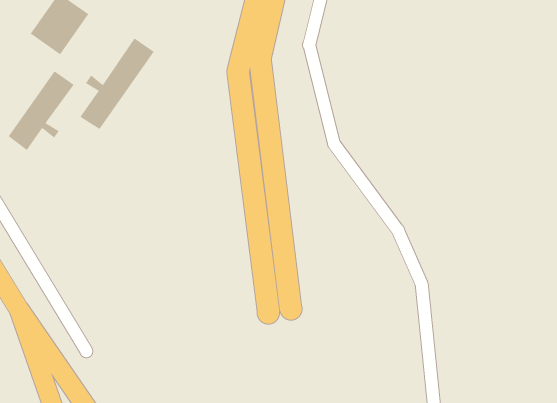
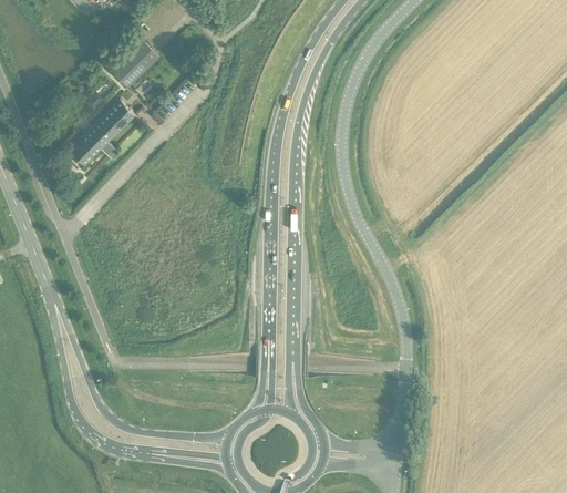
building: [79,37,155,130] -> none

